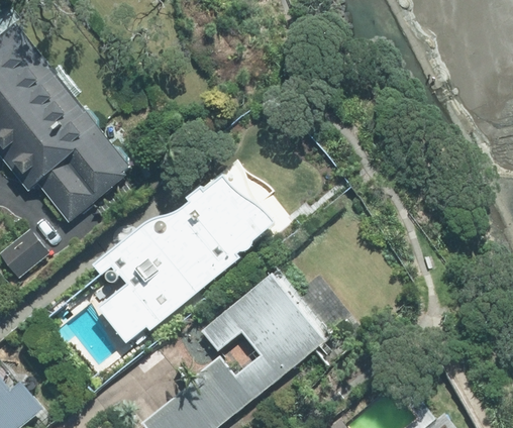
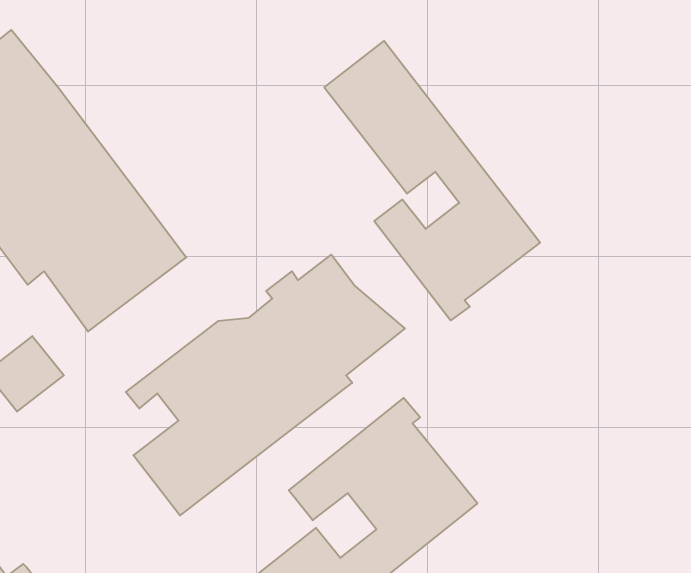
building: none -> [324,41,540,320]

